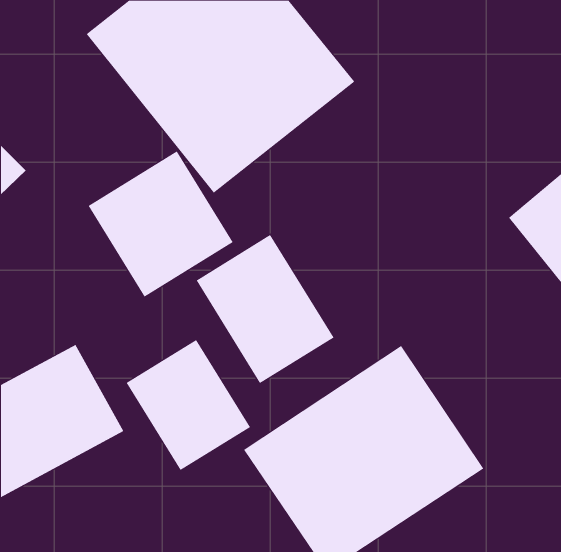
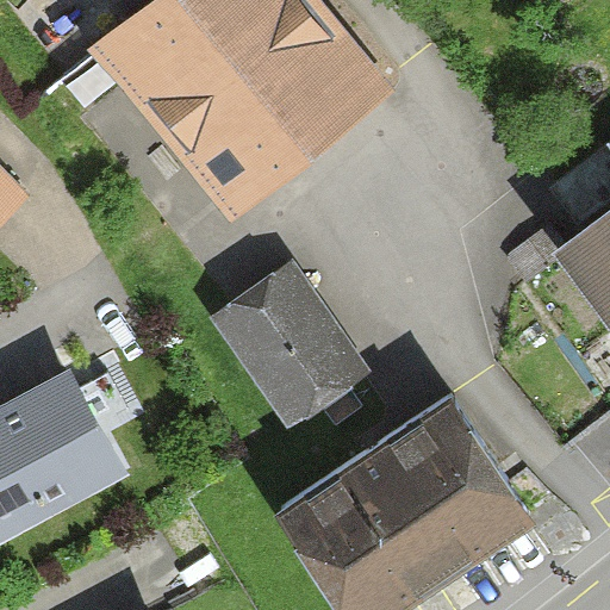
building: [88,151,234,297] -> none
building: [126,339,251,471] -> none

